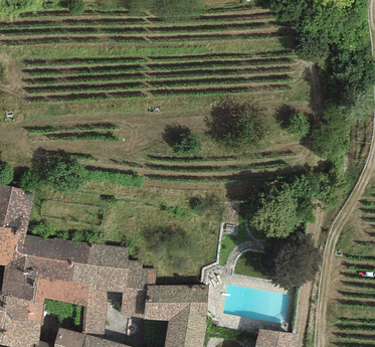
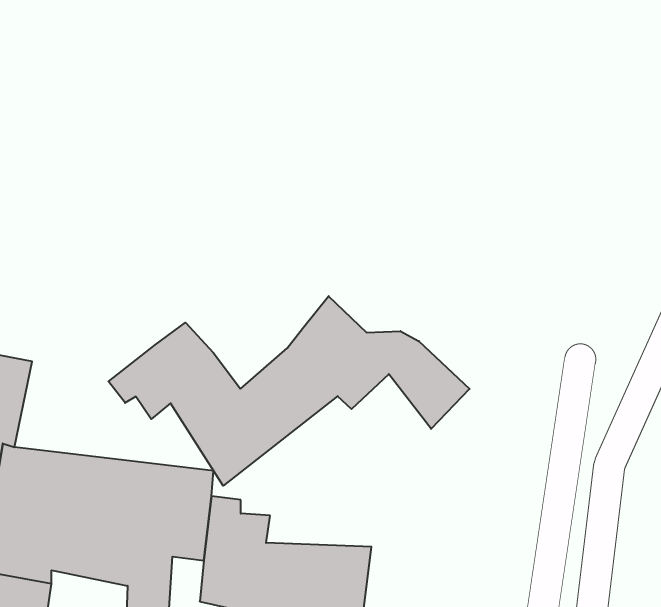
building: none -> [108,296,470,486]

